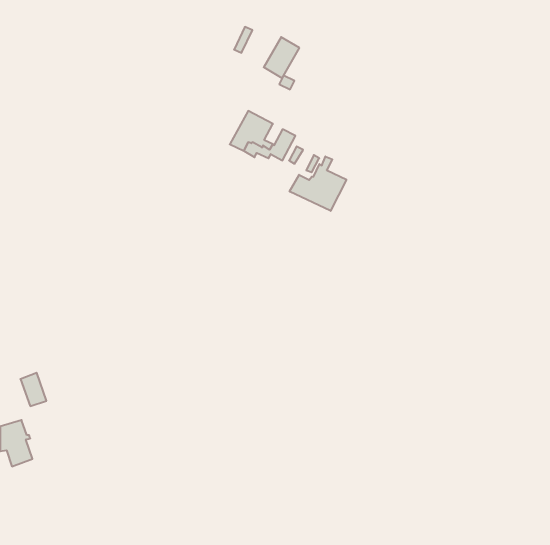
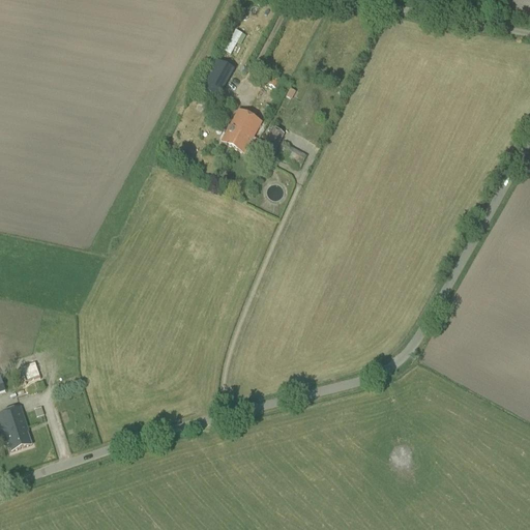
building: [264,37,299,78] -> [199,55,233,94]
building: [290,156,346,211] -> none

